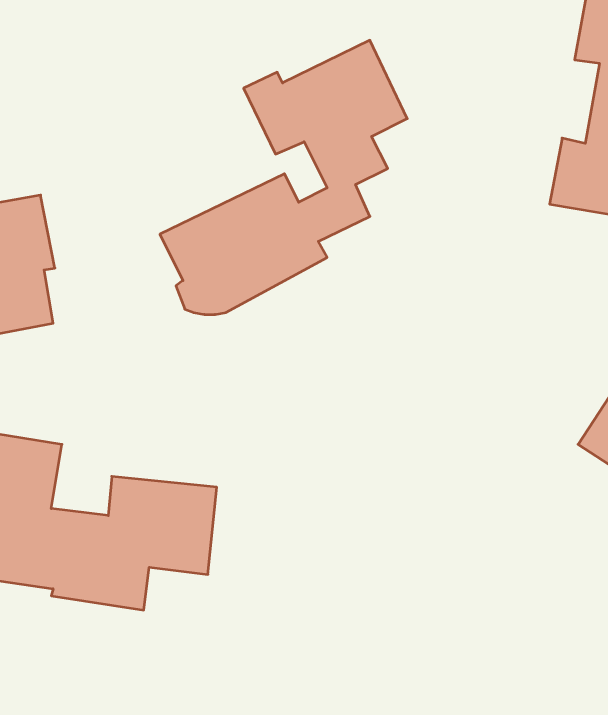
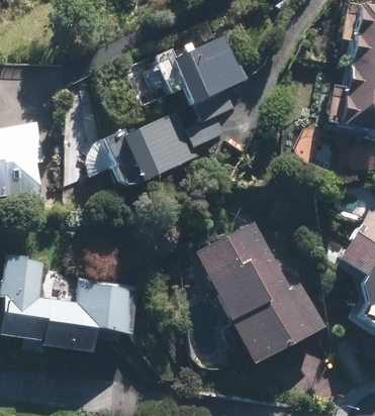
building: none -> [195,224,324,365]

